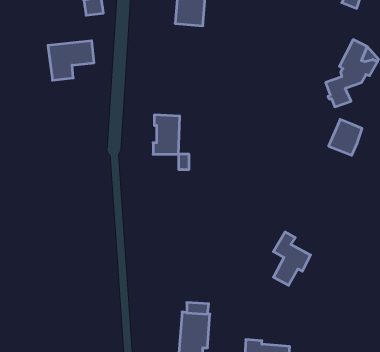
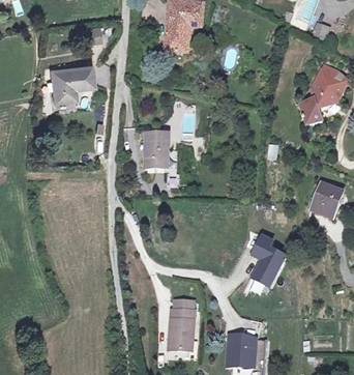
building: [329,119,362,155] -> [312,182,342,214]

